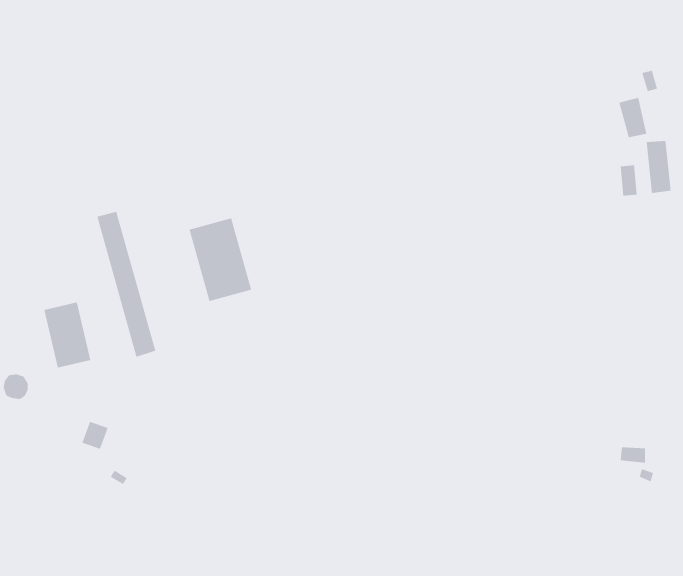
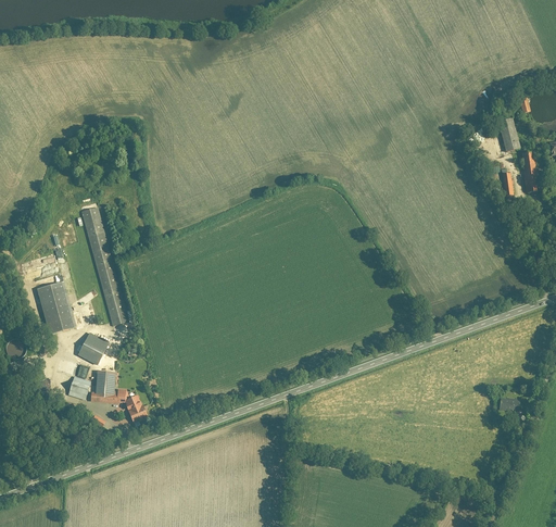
building: [189,217,252,302] -> none
building: none -> [78,332,108,363]
building: none -> [96,368,148,423]

